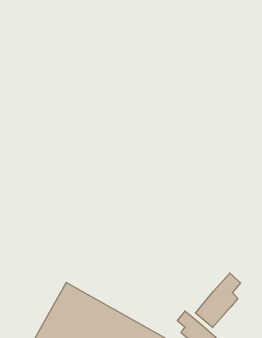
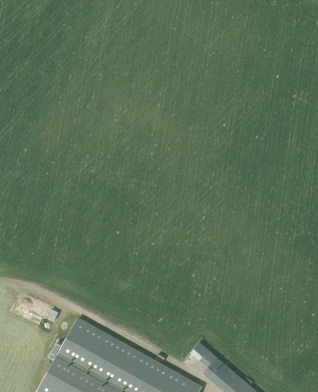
building: [195,273,240,328] -> none

